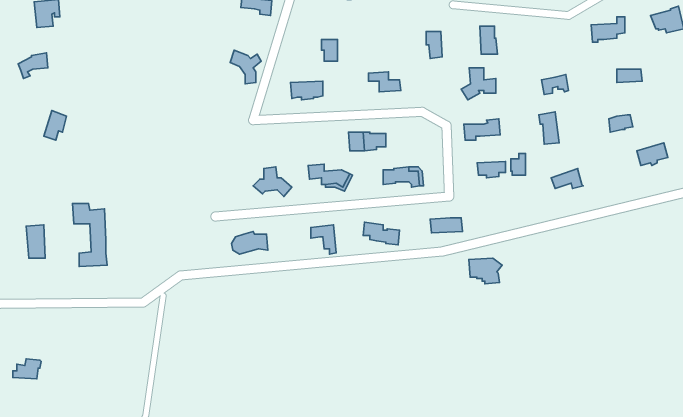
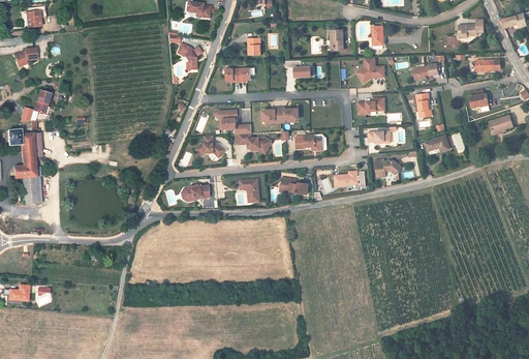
building: none -> [214,110,251,133]
building: [72,204,107,267] -> [7,130,34,179]
building: [469,258,502,284] -> [373,160,399,180]

